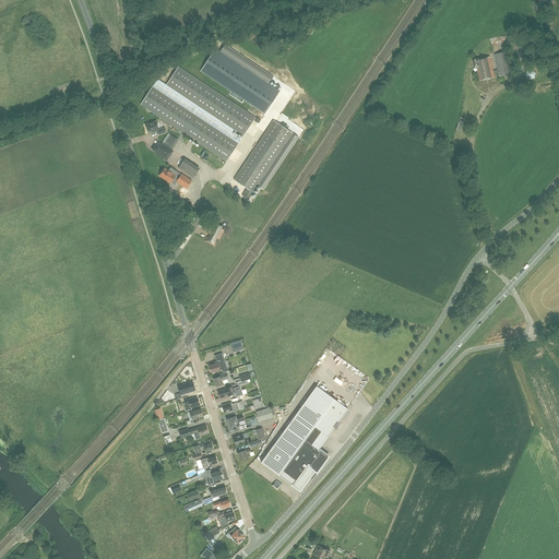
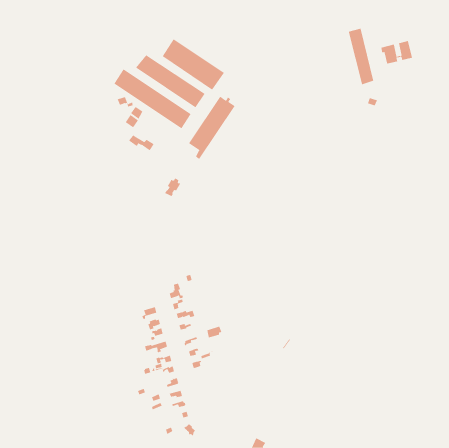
building: none -> [348,28,374,85]
building: [261,385,348,491] -> none

